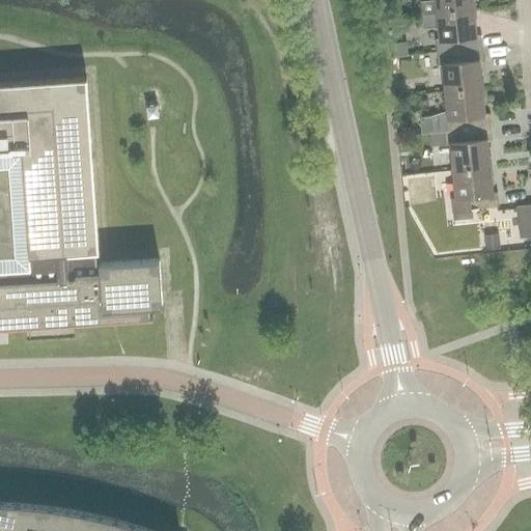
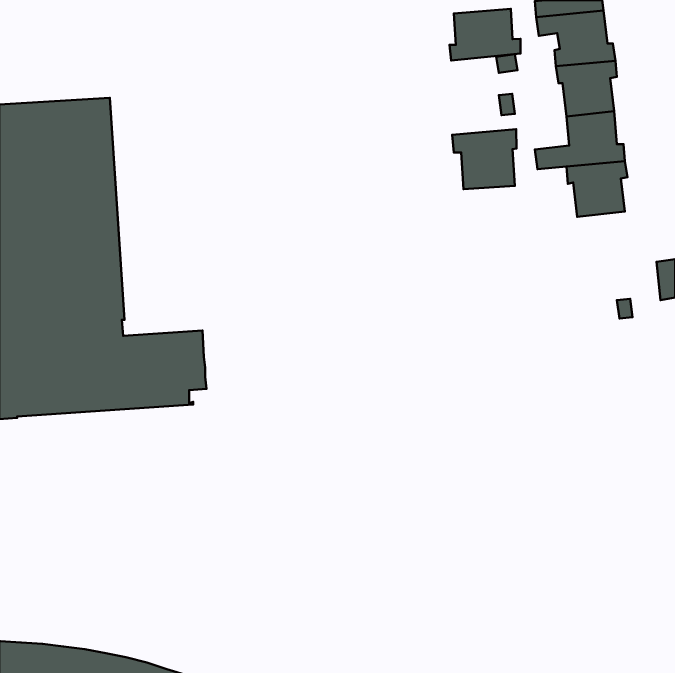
building: none -> [449,9,521,60]
building: none -> [452,129,517,189]
building: [451,168,498,222] -> none

